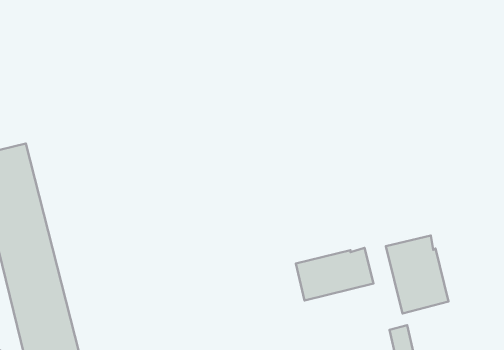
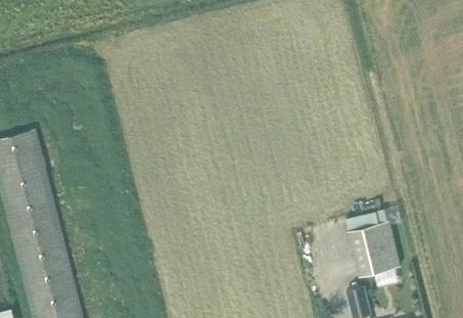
building: [296,248,374,300] -> none

